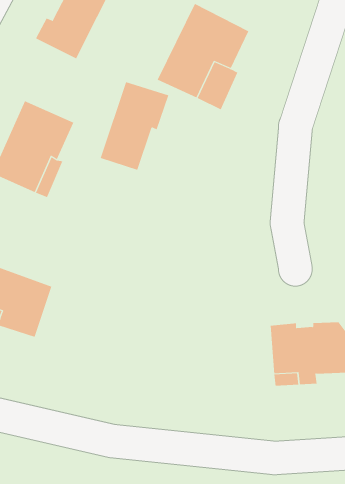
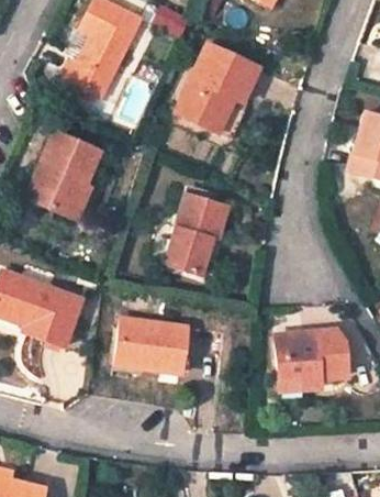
building: [100,82,169,170] -> [165,195,227,275]
building: none -> [115,317,188,372]

